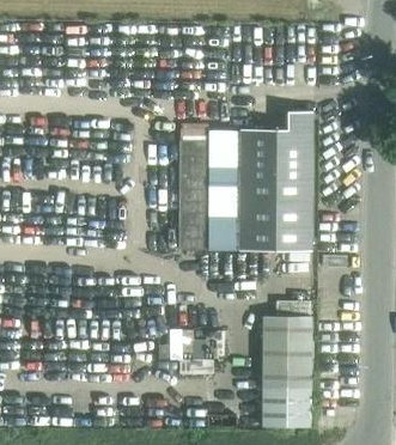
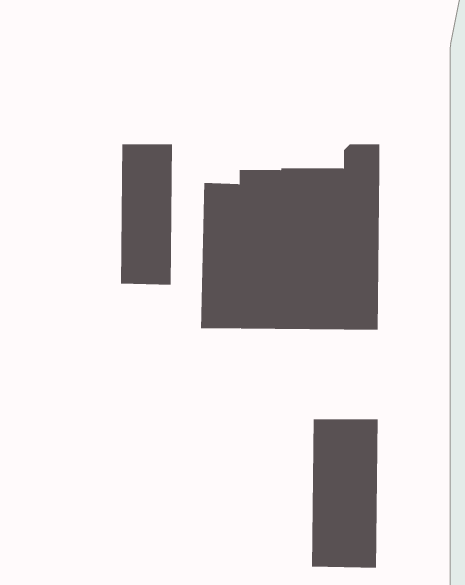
building: none -> [121,144,172,285]

